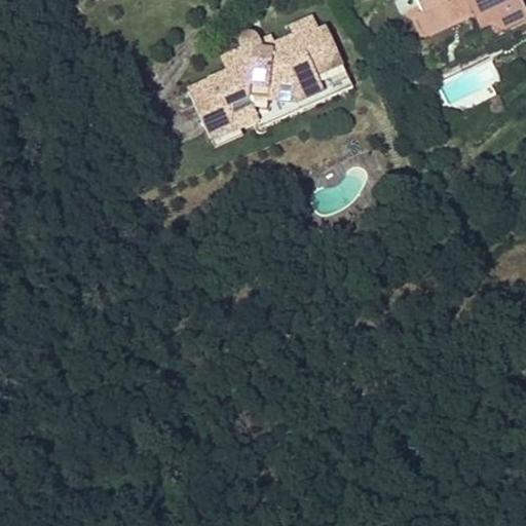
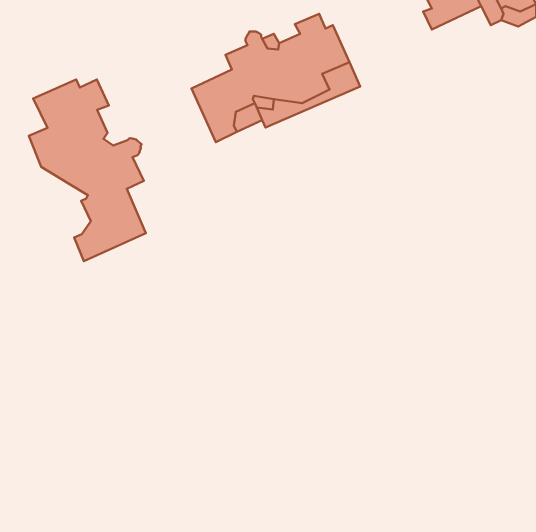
building: none -> [29,80,146,261]

